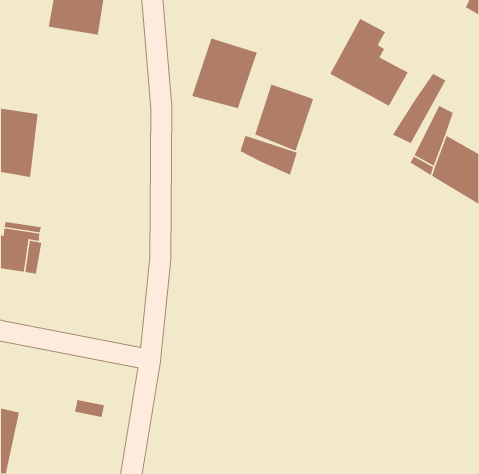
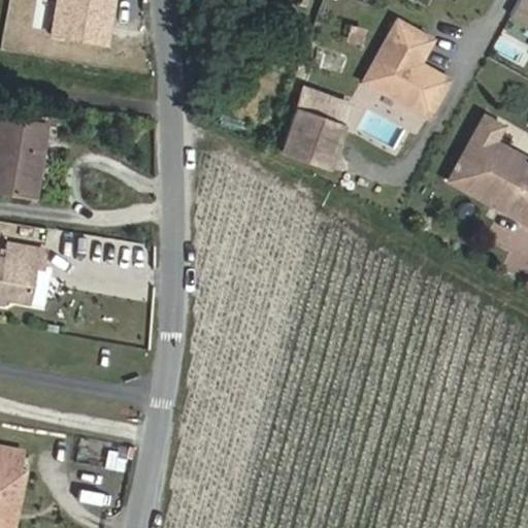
building: [191,37,258,109] -> none
building: [392,73,446,144] -> none
building: [239,135,298,176] -> none

